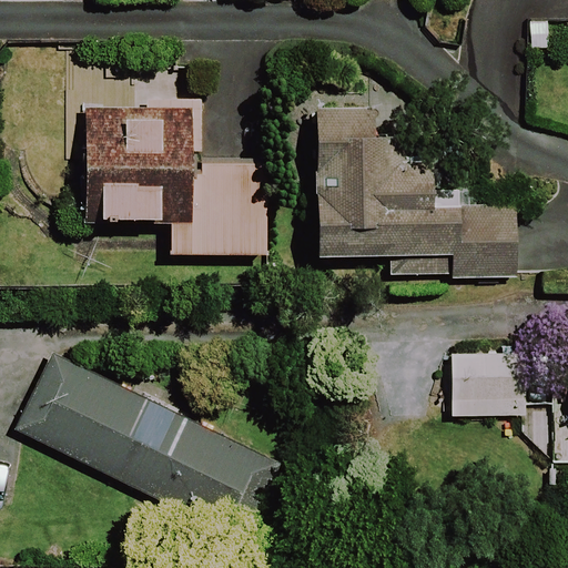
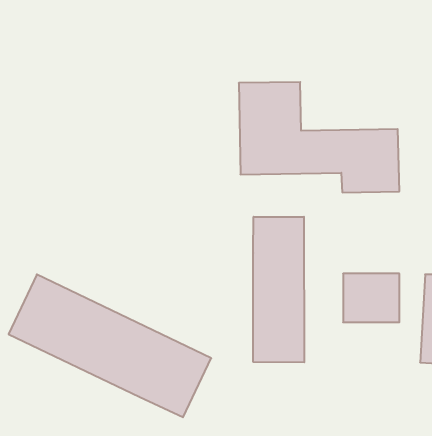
building: [81,99,264,257] -> none
building: none -> [253,217,304,362]

